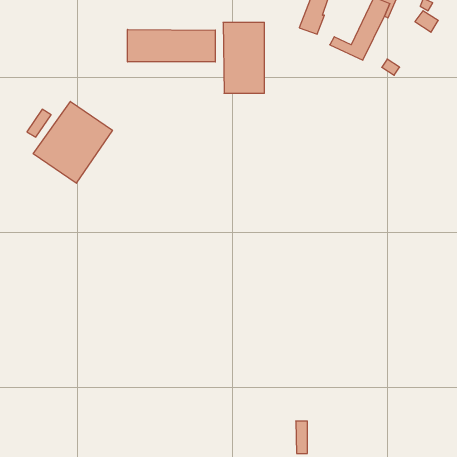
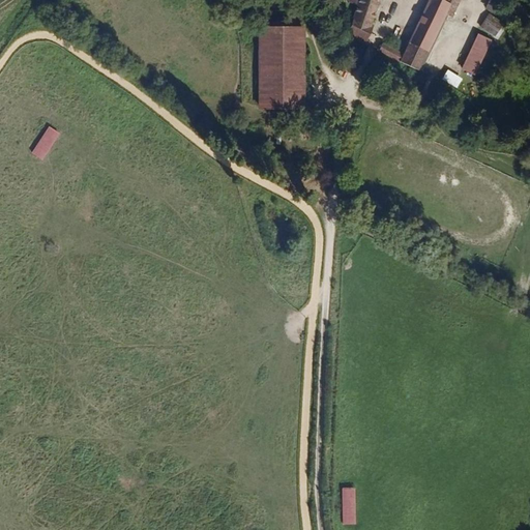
building: none -> [461,33,491,75]
building: [128,29,215,62] -> none
building: [33,101,112,183] -> none

